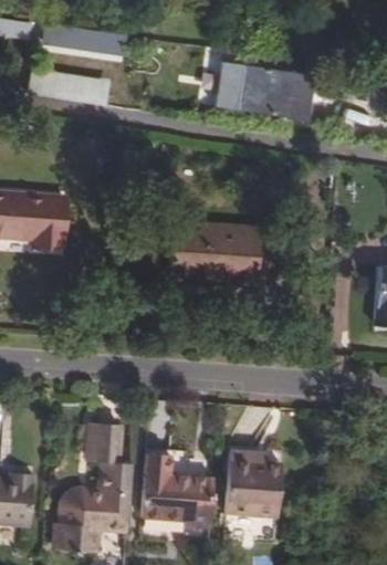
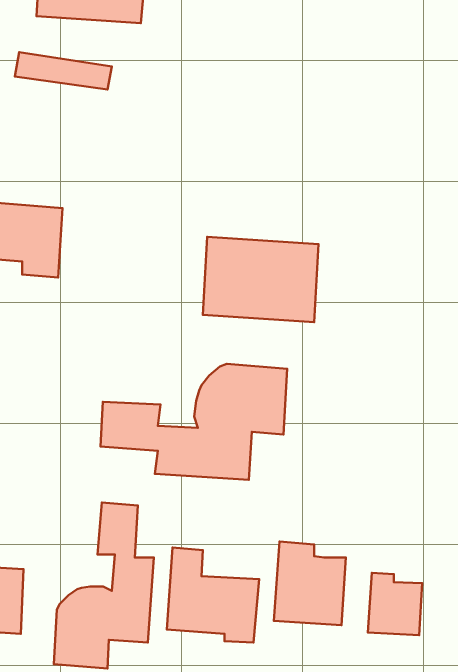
building: [212,61,311,129] -> none
building: none -> [101,364,287,480]
building: none -> [368,573,422,635]

